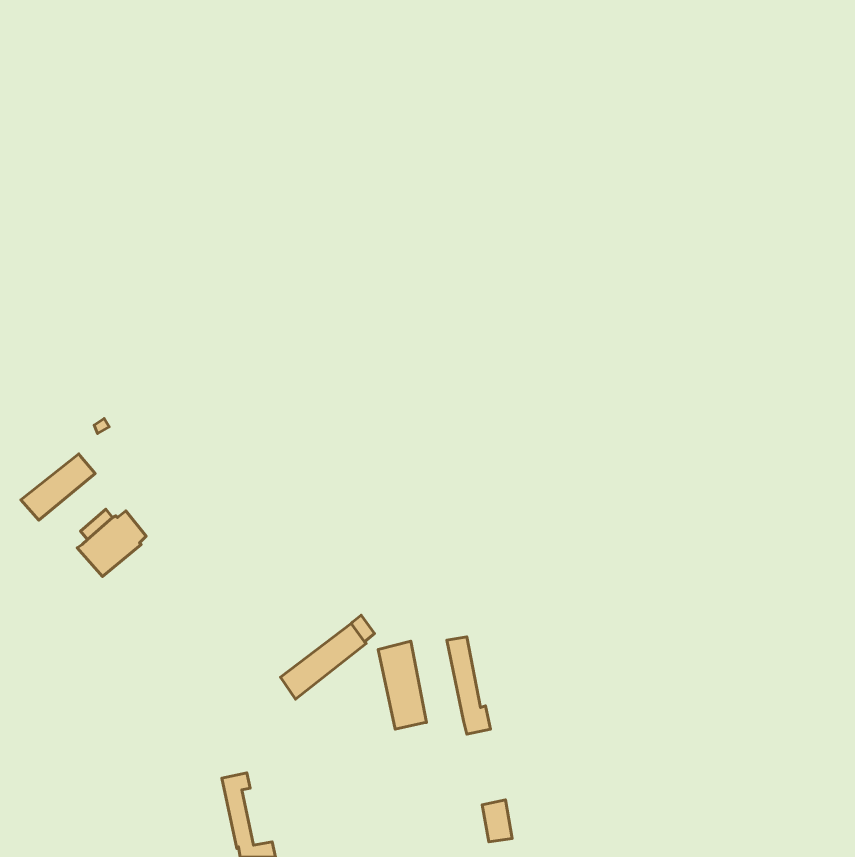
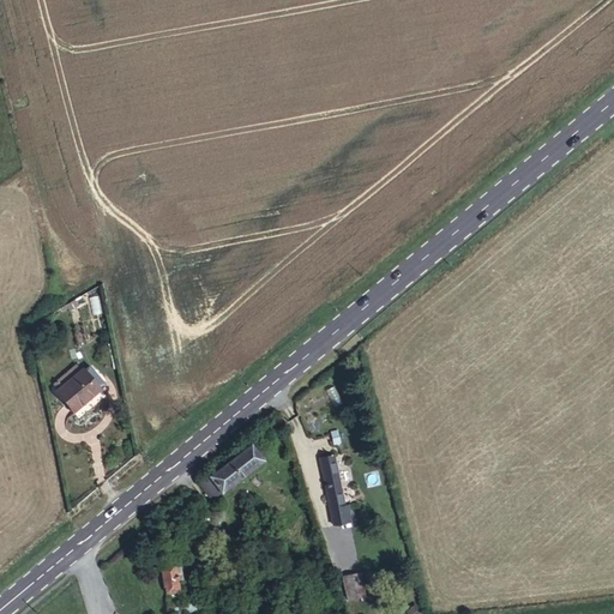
building: [21,454,95,520] -> none
building: [378,641,427,729] -> none

